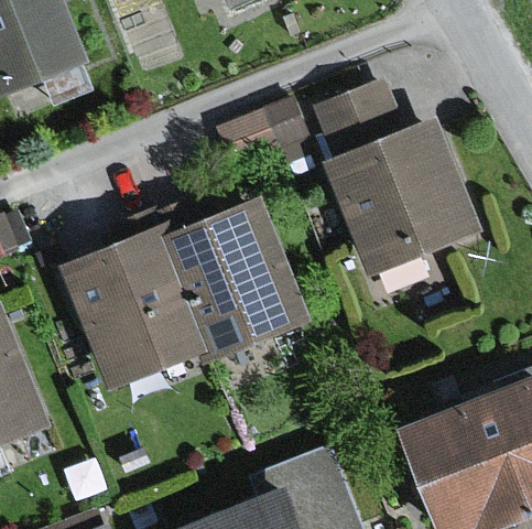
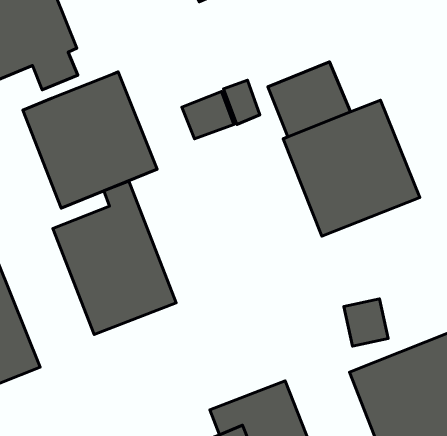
building: none -> [23,72,157,208]
building: [151,201,310,364] -> none

